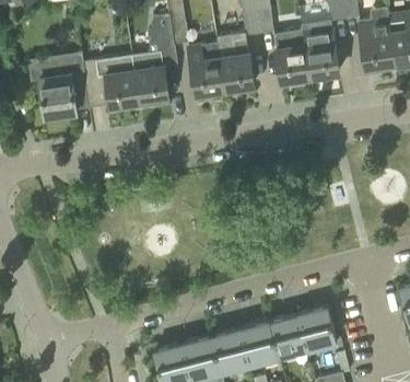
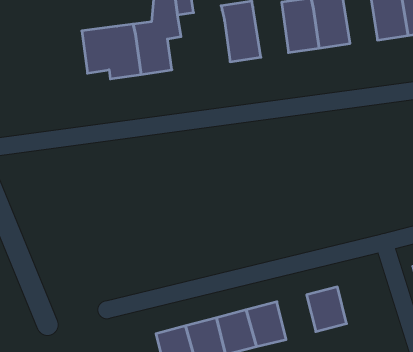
building: [188,43,224,95] -> none
building: [38,58,87,118] -> none
building: [269,315,306,358] -> none

